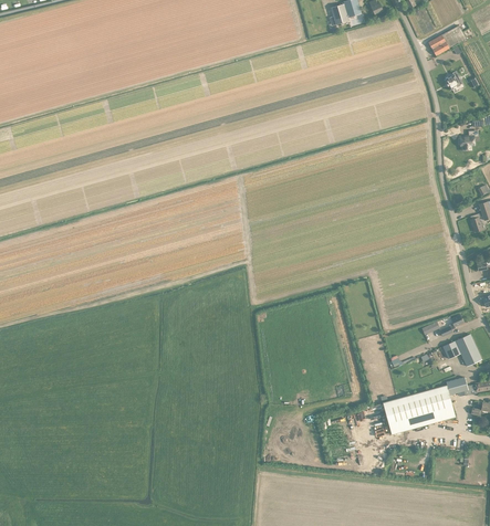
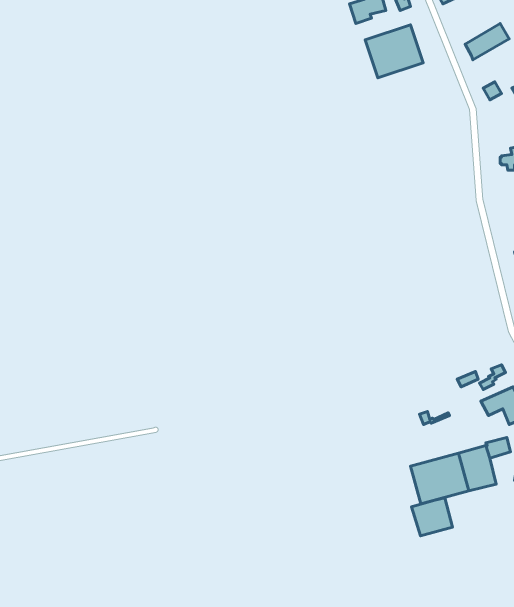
building: none -> [365,25,423,78]
building: none -> [412,498,453,536]

